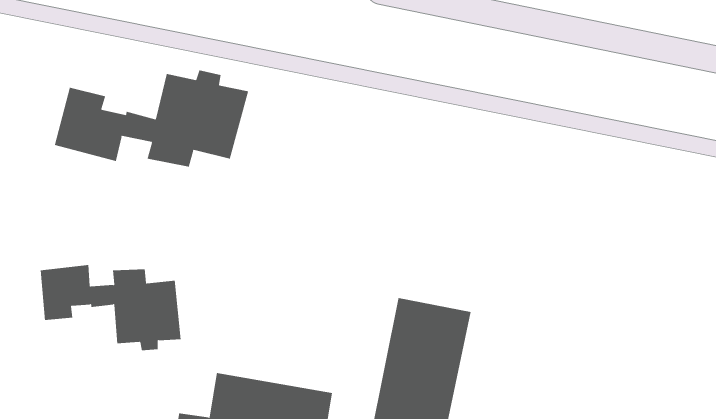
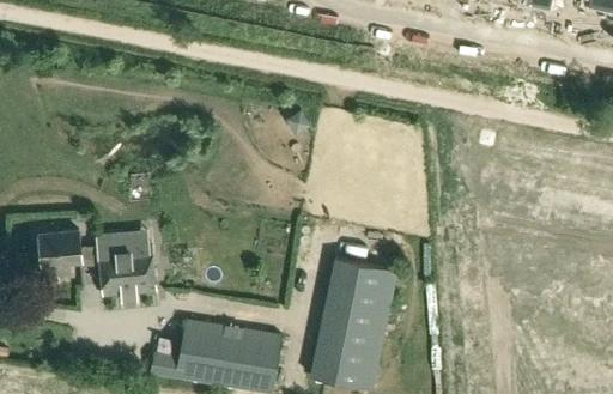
building: [54,69,249,167] -> none

